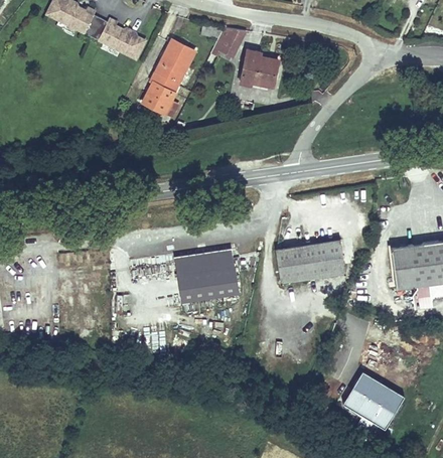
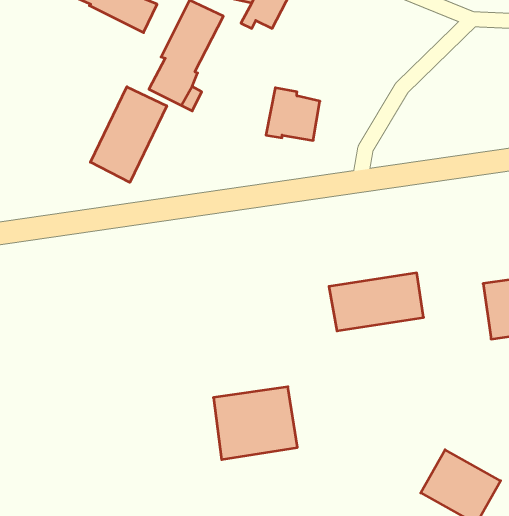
building: [240,49,280,89] -> [266,88,320,140]
building: none -> [90,87,167,182]
building: [175,249,238,303] -> [213,387,297,460]

